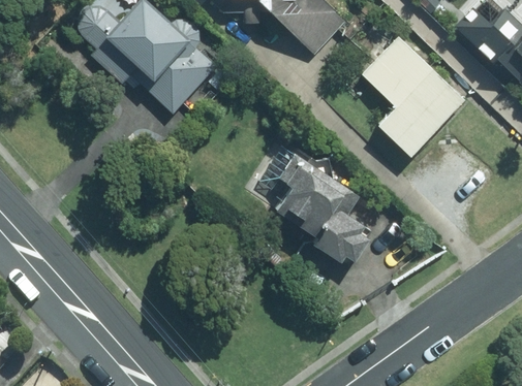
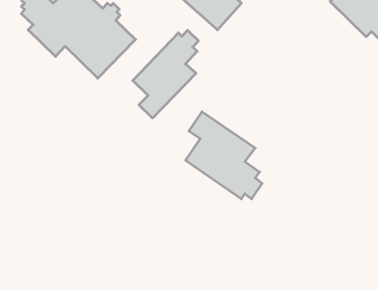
building: [361,36,464,156] -> none
building: none -> [133,30,198,118]

